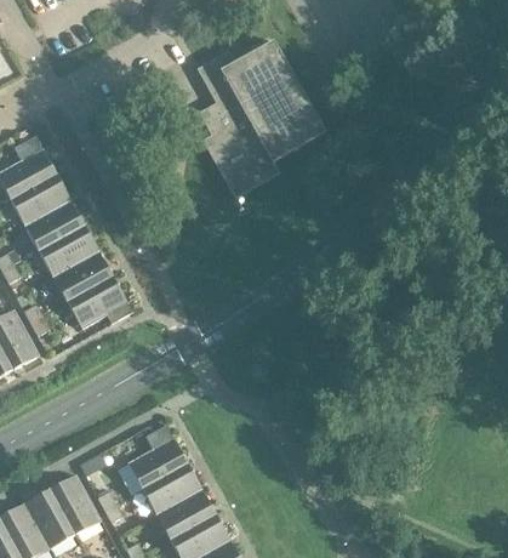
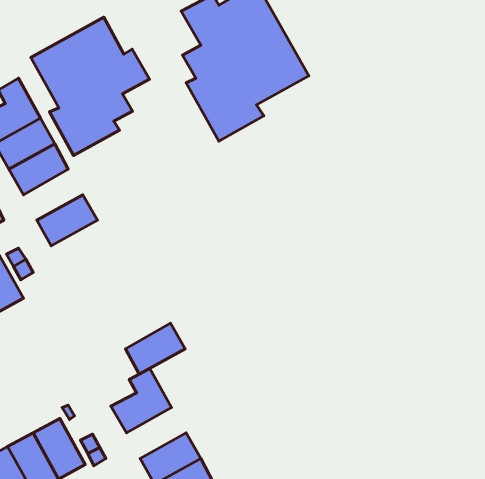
building: none -> [31,17,150,156]
building: [40,226,99,277] -> none
building: [68,277,133,329] -> none
building: [143,463,202,514] -> [126,323,185,374]

